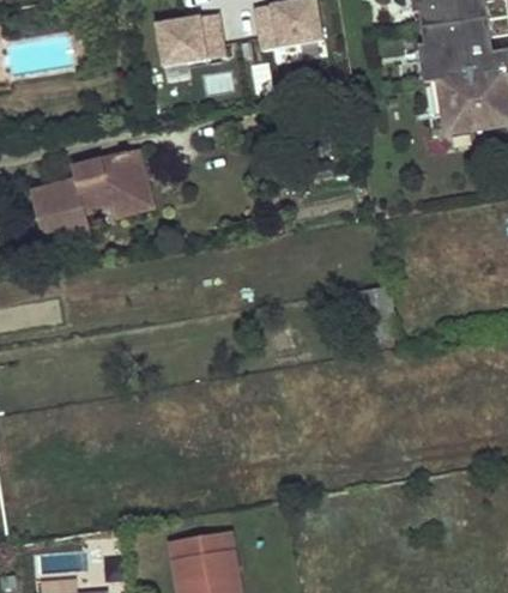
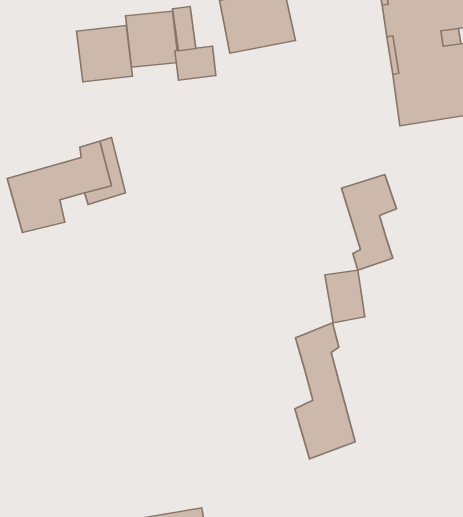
building: none -> [77,25,133,82]
building: none -> [342,174,396,270]
building: none -> [295,323,355,459]

